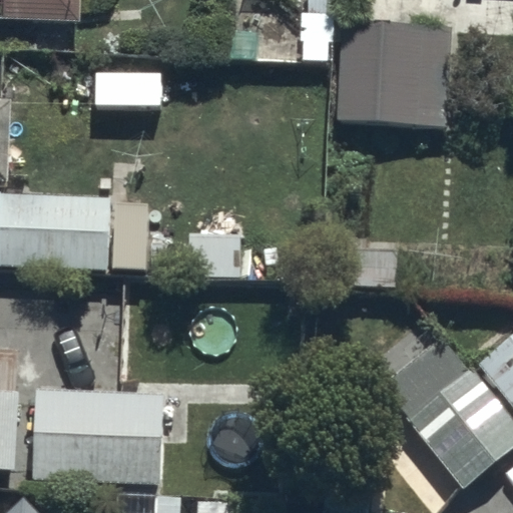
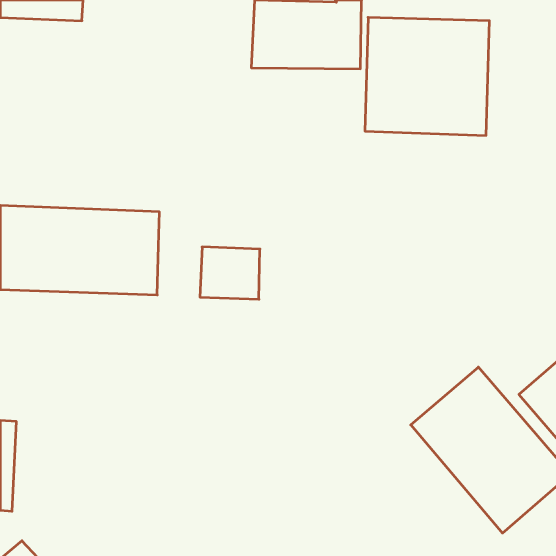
building: [33,385,163,484] -> none

